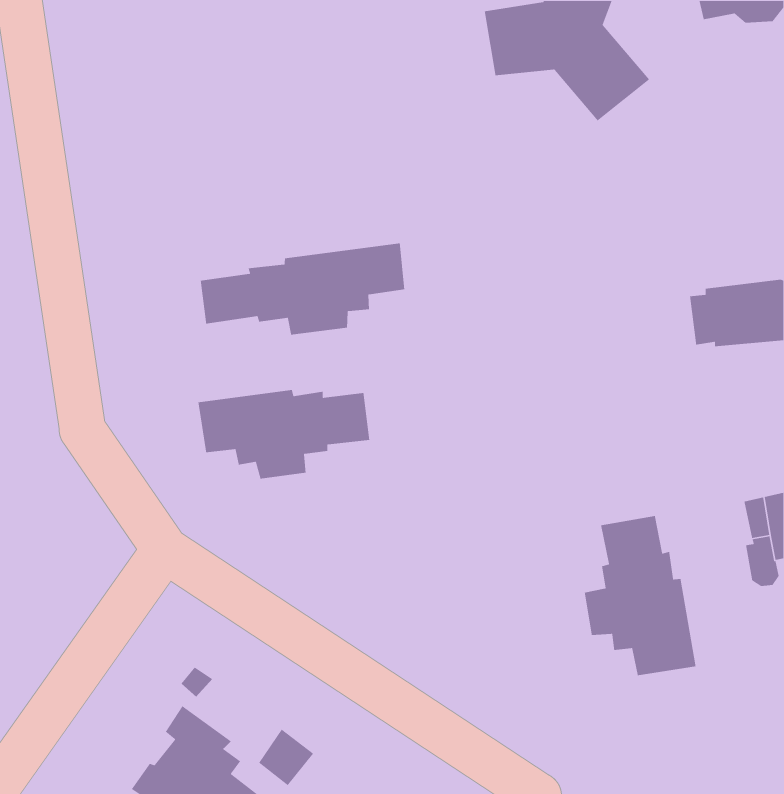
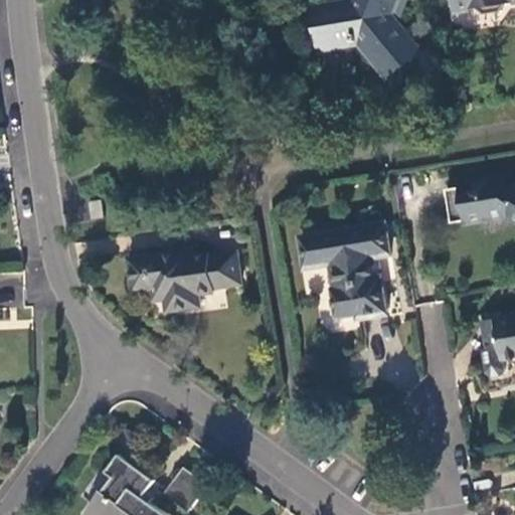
building: [200,242,405,335] -> none
building: none -> [300,223,388,316]
building: [584,515,696,676] -> none

